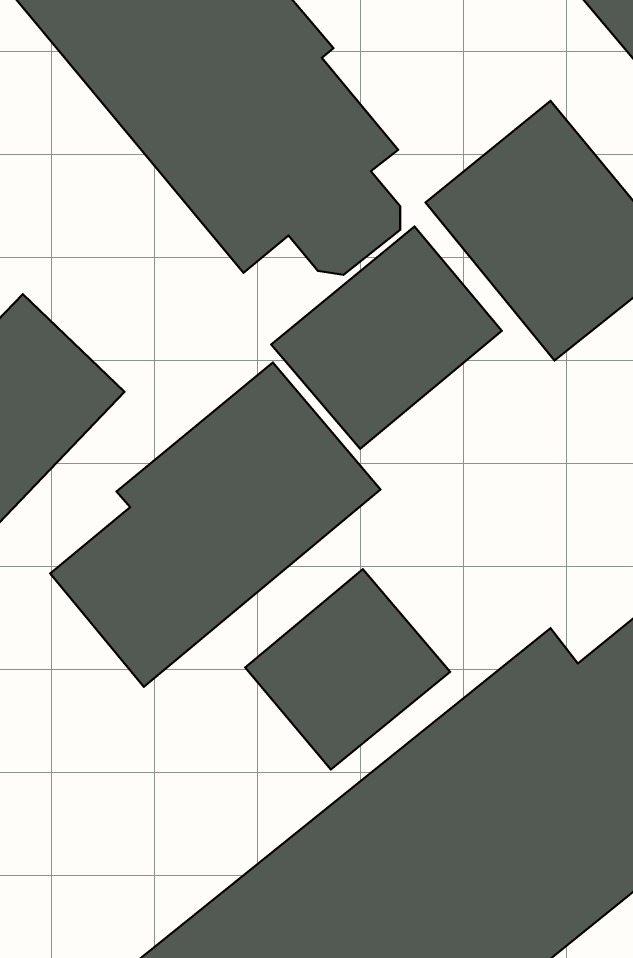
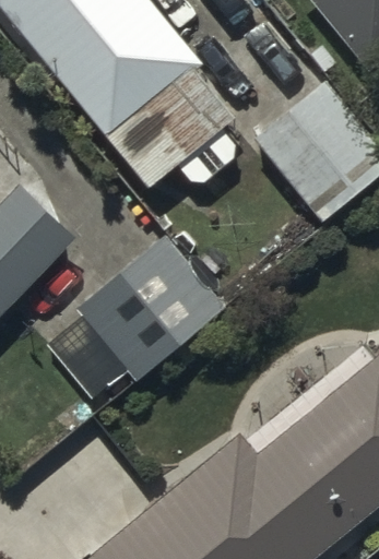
building: [271,227,502,449] -> none
building: [245,569,450,770] -> none

